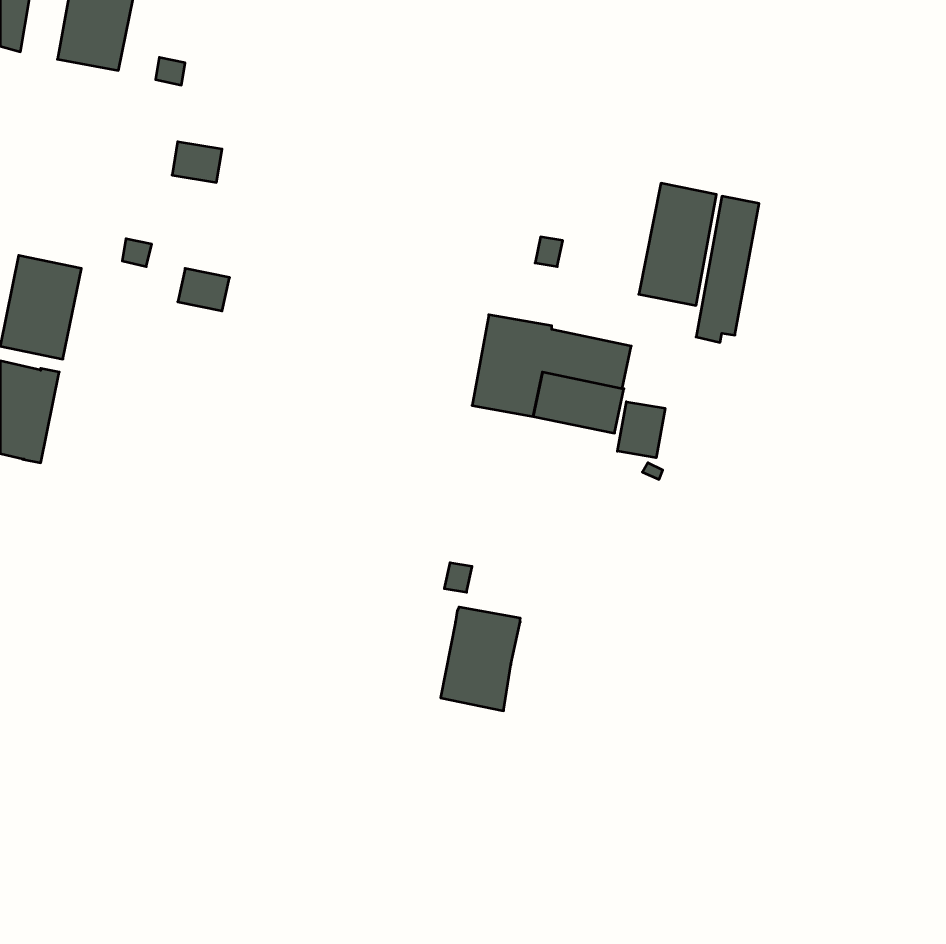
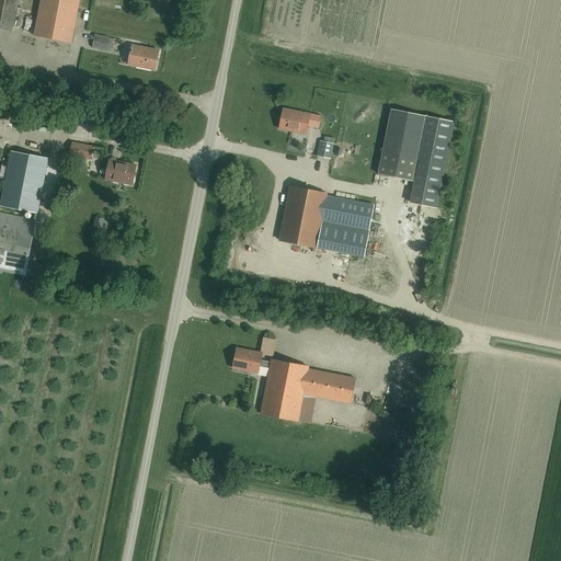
building: [172,142,222,182] -> [128,45,158,69]
building: none -> [279,108,309,134]
building: [617,402,665,458] -> none
building: none -> [232,347,271,373]
building: none -> [302,368,355,402]

